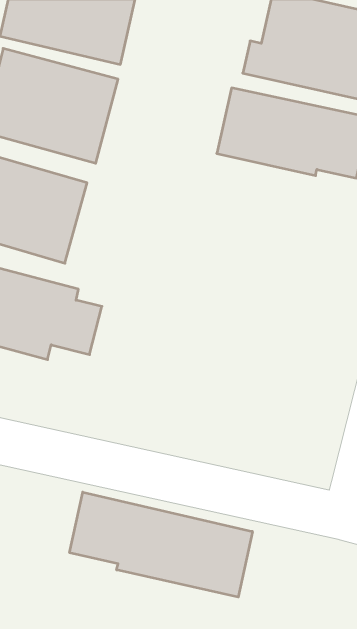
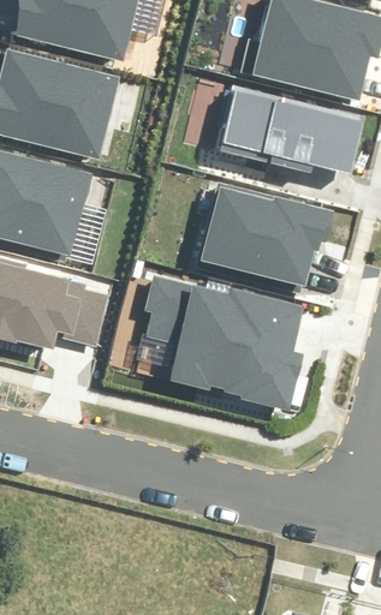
building: none -> [200,183,335,285]
building: none -> [143,276,303,410]
building: [70,492,252,597] -> none

